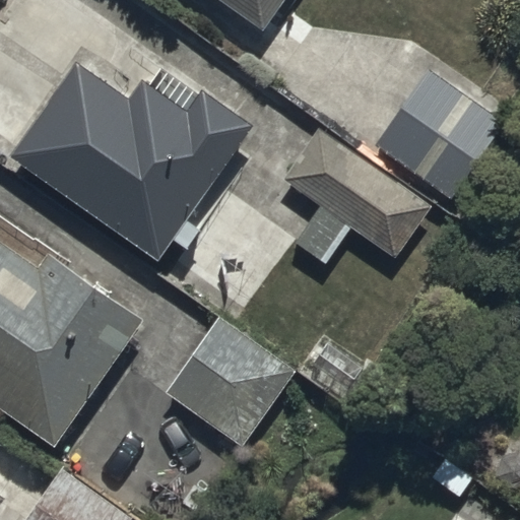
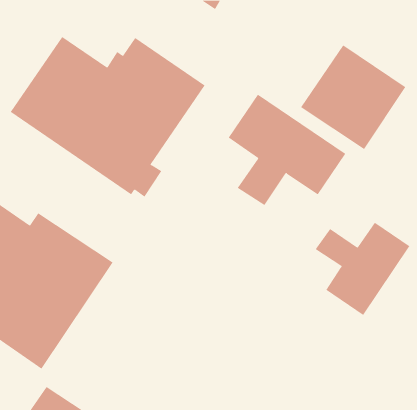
building: none -> [315,222,410,316]
building: [167,316,289,442] -> none

